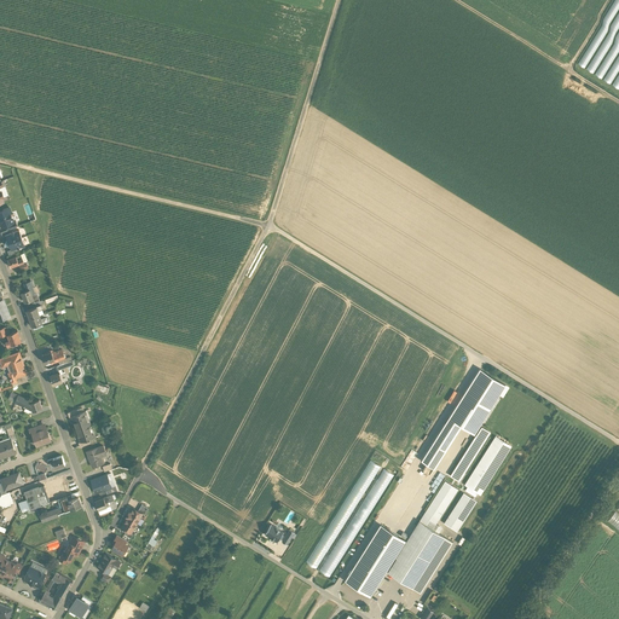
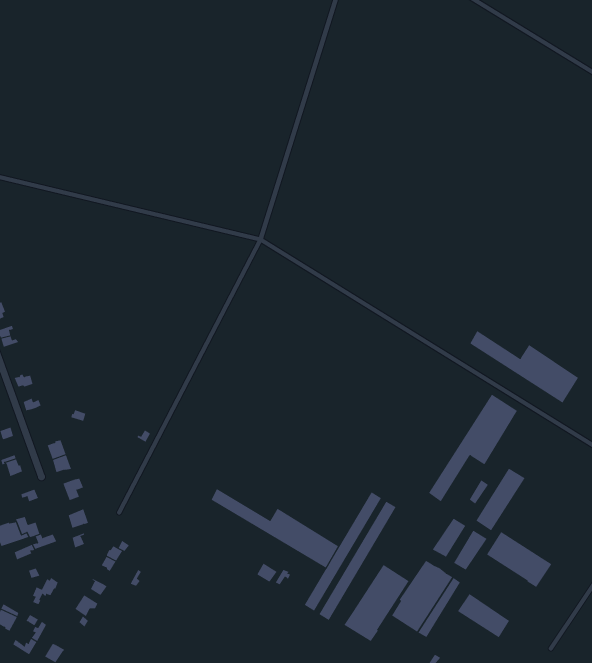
building: none -> [469,330,579,403]
building: none -> [211,488,339,568]
building: none -> [486,531,552,588]
building: none -> [457,593,510,638]

